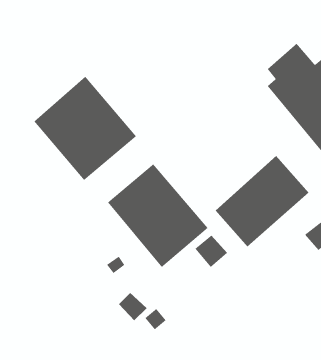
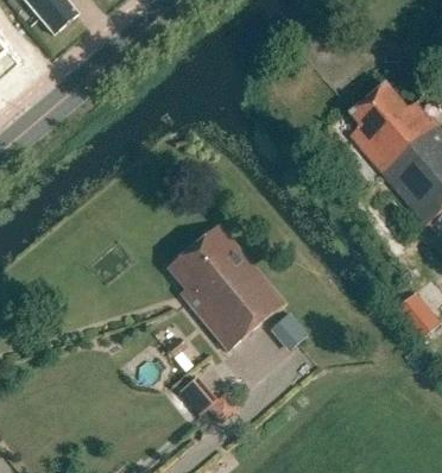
building: [34,76,137,181] -> none
building: [215,155,310,247] -> none

